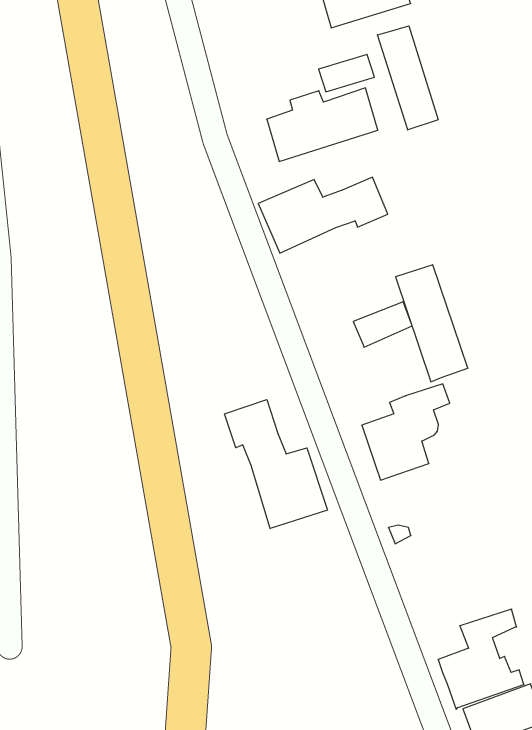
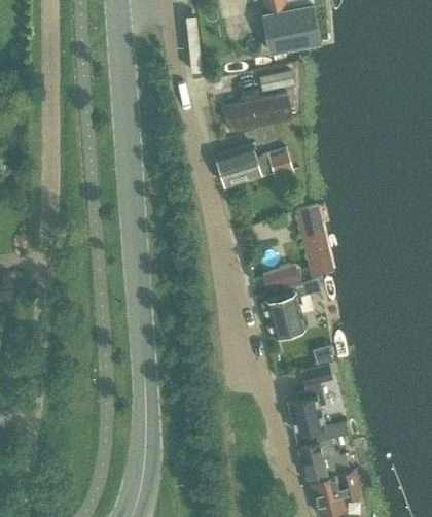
building: [377,26,438,130] -> none
building: [353,302,412,347] -> [263,267,299,292]
building: [225,400,327,529] -> none
building: none -> [289,365,333,435]

